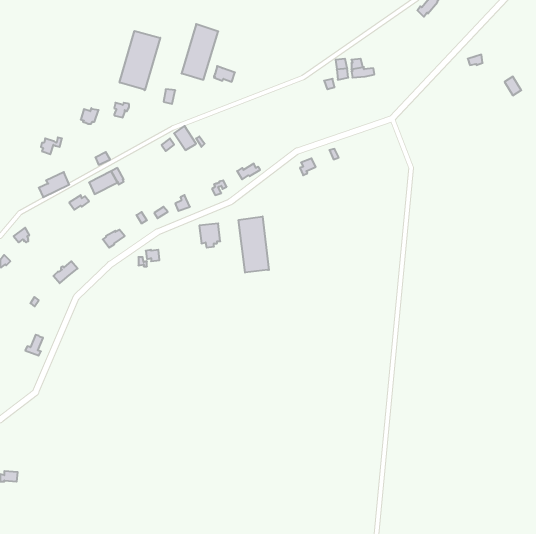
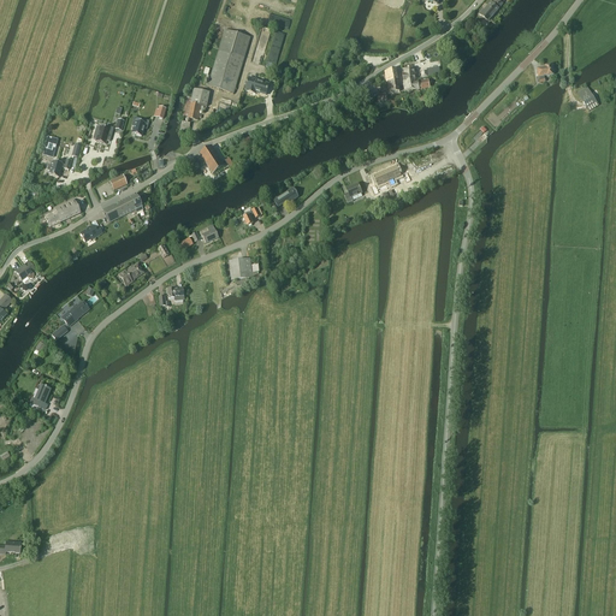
building: [120,31,160,90] -> none
building: [239,216,269,273] -> none

